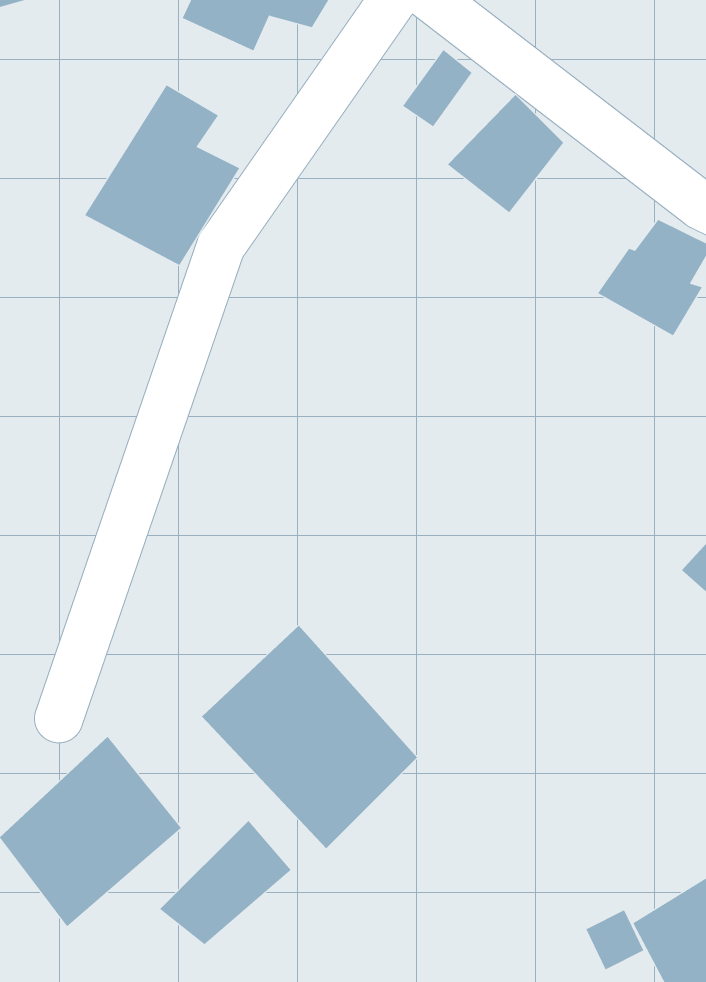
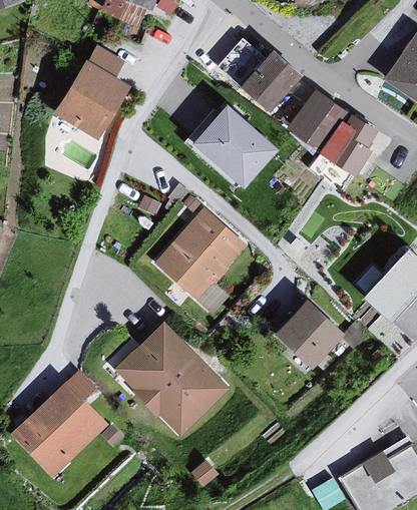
building: none -> [288,89,351,152]
building: none -> [178,101,276,190]
building: none -> [157,208,245,299]
building: none -> [271,300,342,369]
building: [159,820,292,945] -> none

